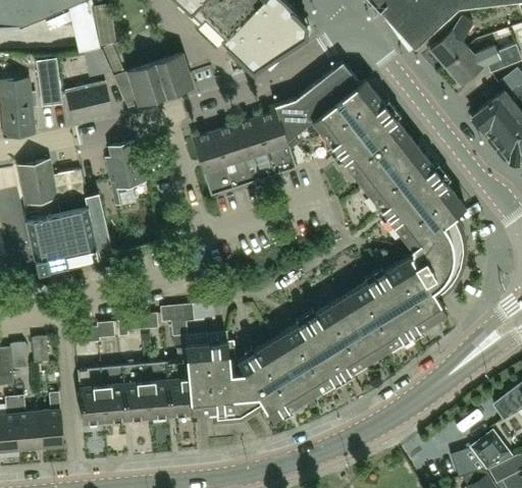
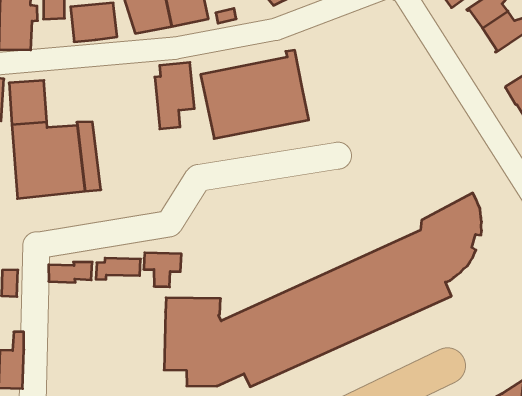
building: [275,62,464,248] -> none
building: [105,142,145,206] -> [155,62,194,129]
building: [76,360,191,423] -> none

